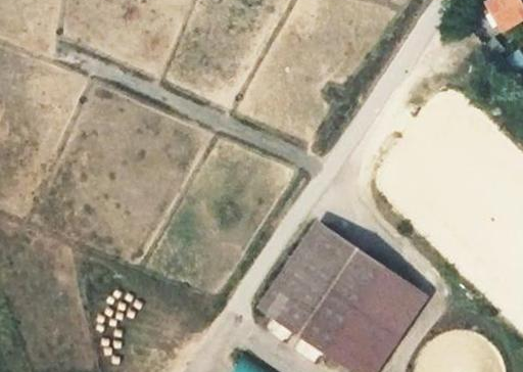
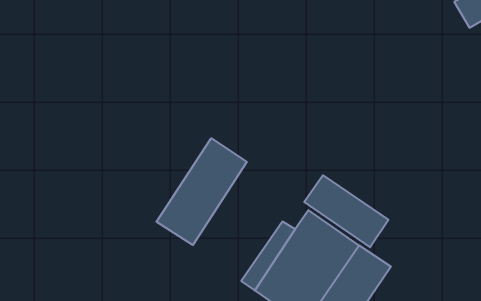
building: none -> [156,138,247,245]
building: none -> [304,175,388,247]

